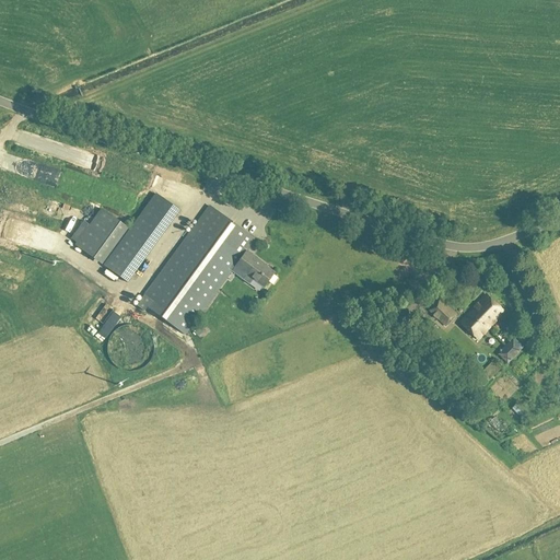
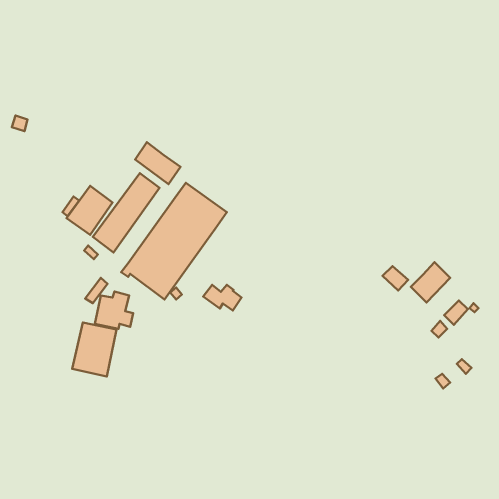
building: none -> [135,142,180,184]
building: [231,256,273,284] -> [203,285,241,310]
building: none -> [72,323,117,377]

